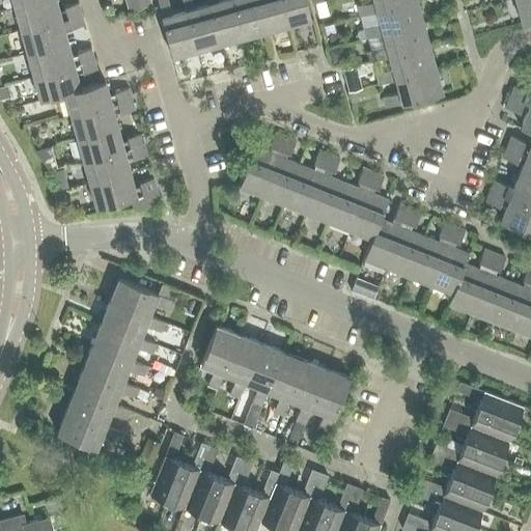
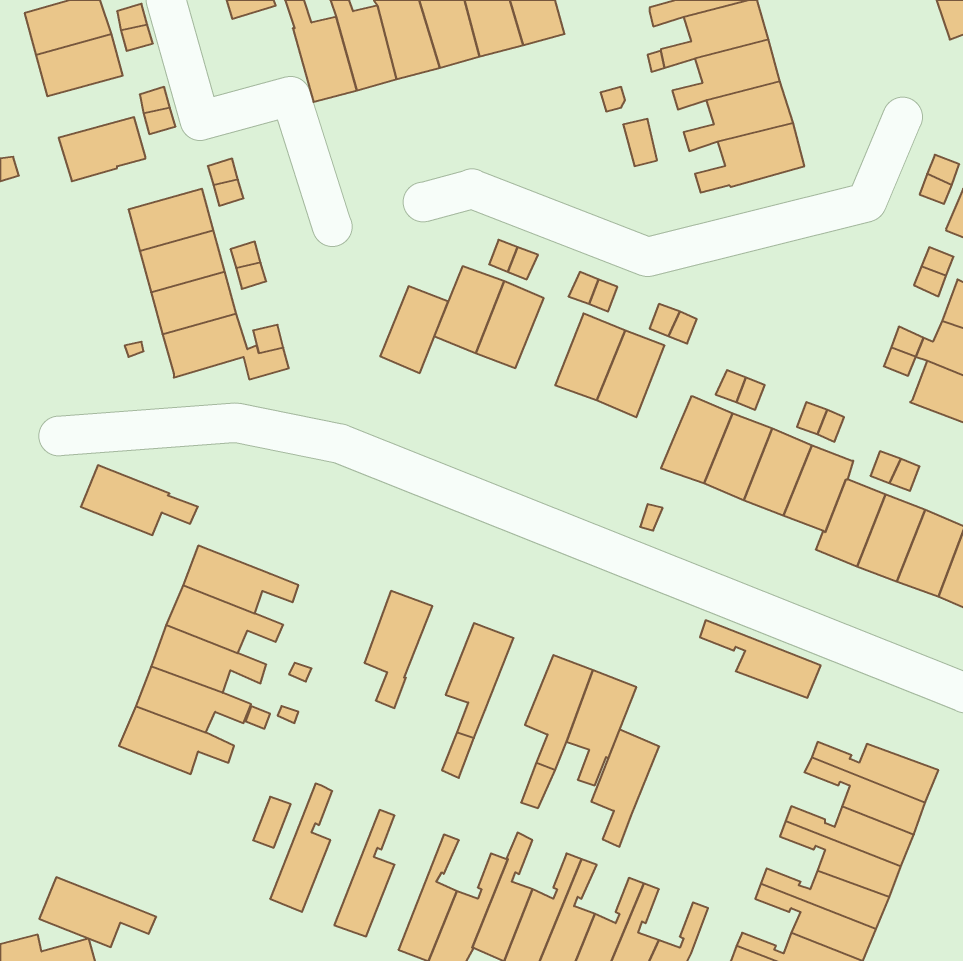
building: [27,44,75,78] -> none
building: [65,82,112,117] -> none
building: [284,166,322,214] -> [380,286,448,373]
building: [351,192,389,240] -> none
building: [110,279,174,317] -> [81,465,198,535]
building: [223,335,261,399] -> none
building: [268,353,305,417] -> [591,730,659,847]
building: [457,383,524,425] -> [700,620,821,698]
building: [57,412,121,450] -> [39,877,156,947]
building: [167,444,209,510] -> none
building: [202,457,245,524] -> none

